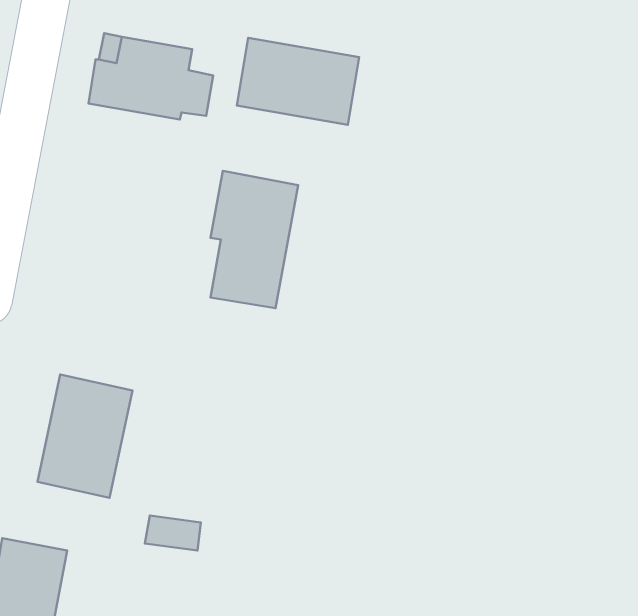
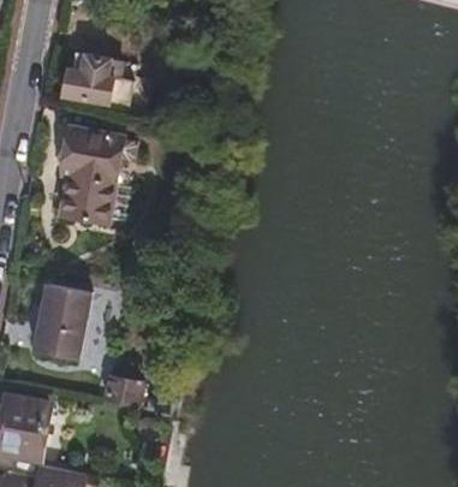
building: [237,38,359,125] -> none
building: [210,171,298,308] -> [64,126,124,220]

